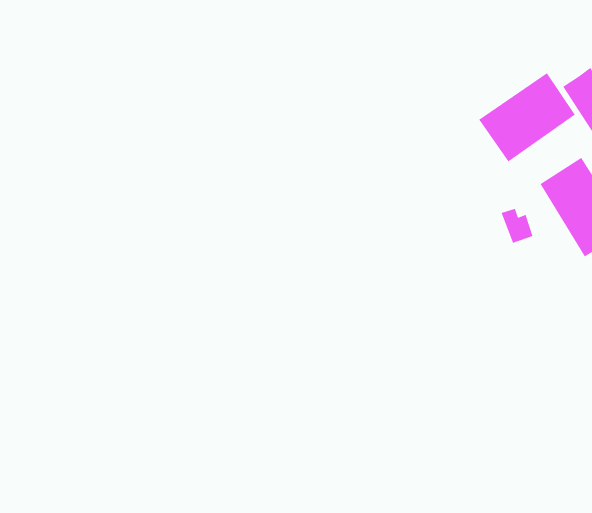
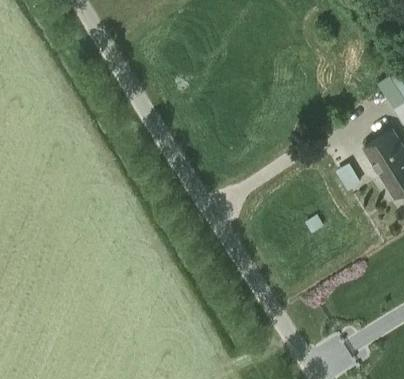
building: [478,72,576,163] -> none

